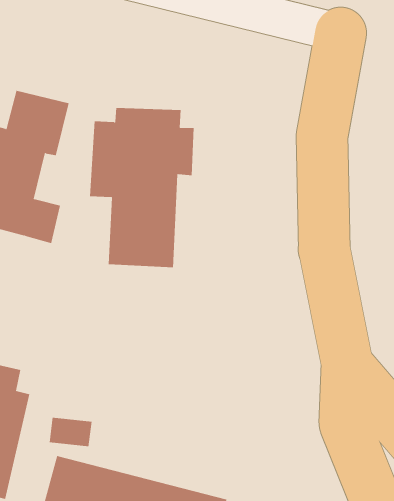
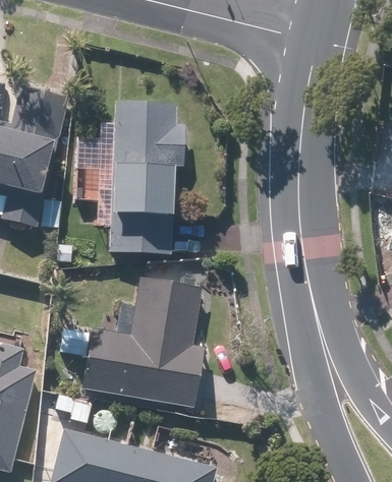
building: none -> [56,277,203,403]

